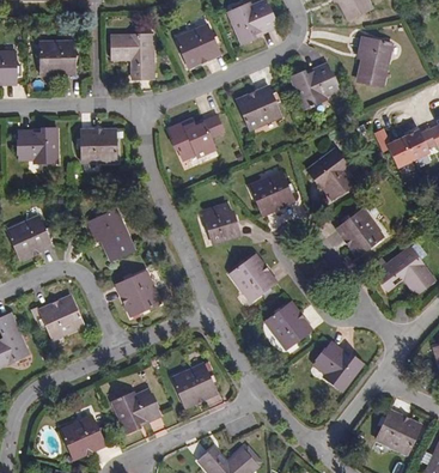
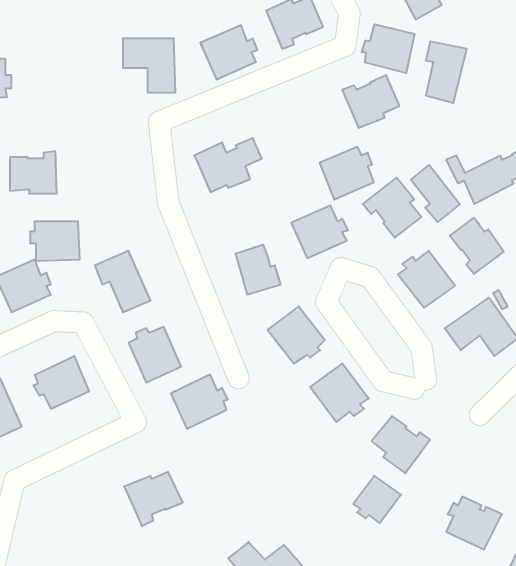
building: none -> [362,24,414,73]
building: [39,41,79,74] -> none
building: [237,86,281,129] -> [320,147,374,200]
building: [77,129,117,162] -> [30,221,80,261]
building: none -> [411,165,460,222]
building: none -> [450,218,504,274]
building: [171,363,218,407] -> [171,375,228,429]
building: none -> [353,476,401,523]
building: [60,416,106,459] -> none

